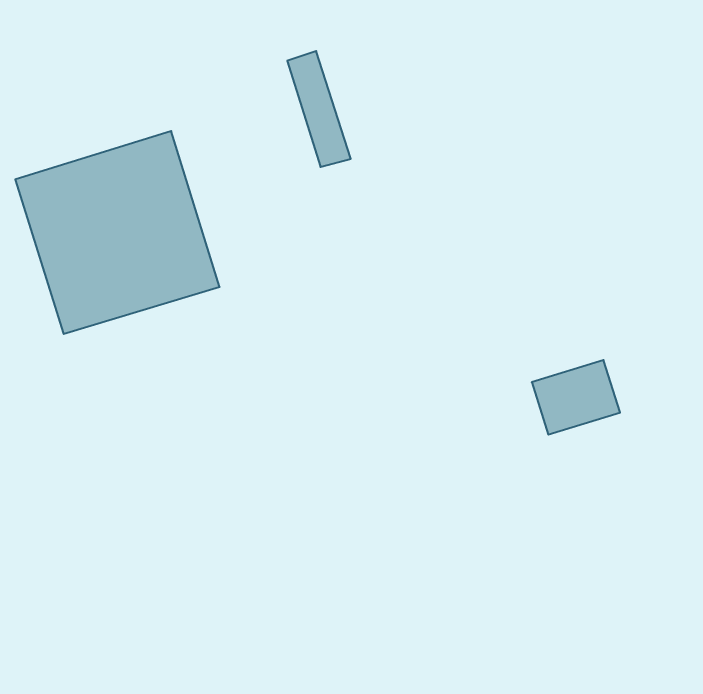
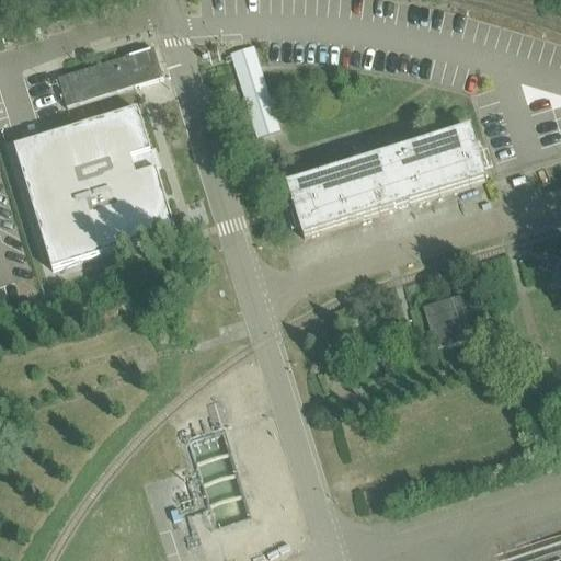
building: none -> [56,44,161,103]
building: none -> [286,124,484,233]

